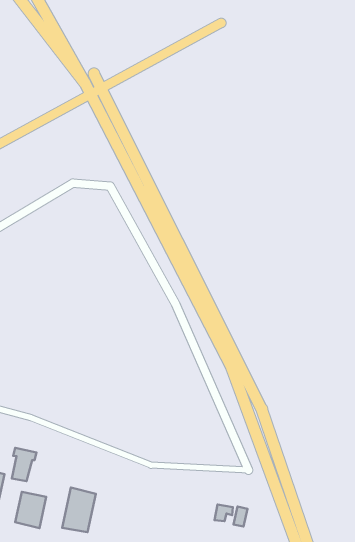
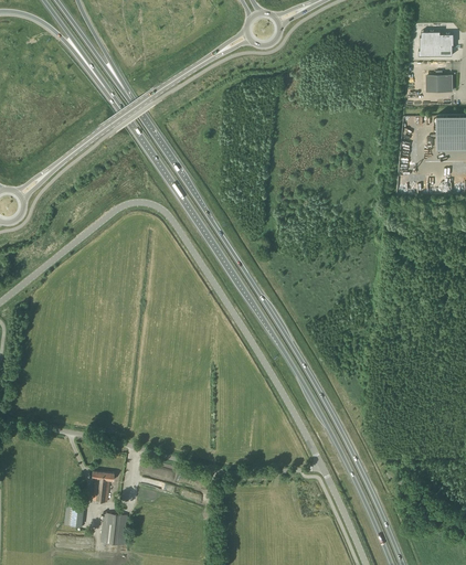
building: [62,488,96,532] -> none

